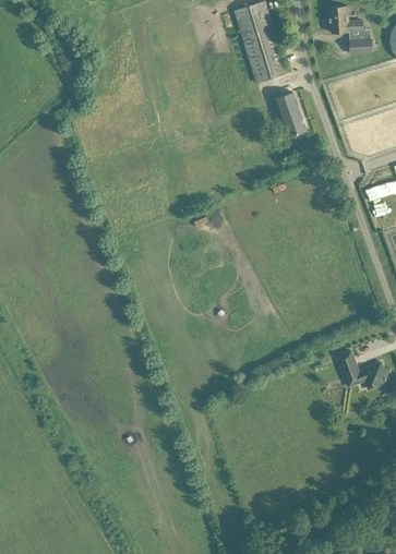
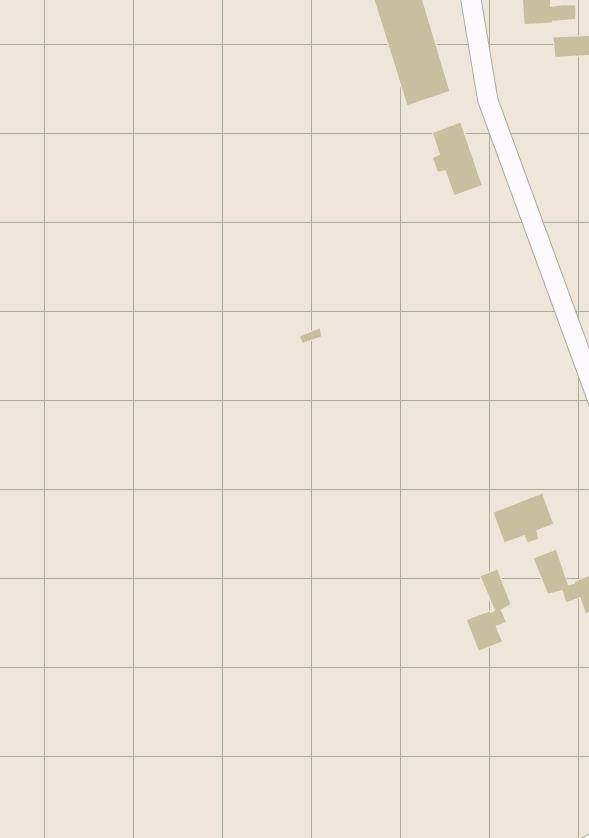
building: none -> [493,493,554,543]
building: none -> [466,569,511,651]

